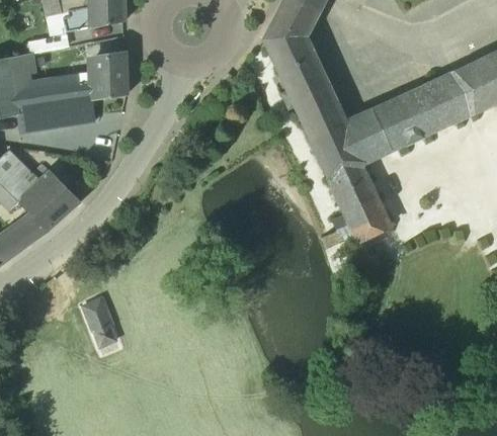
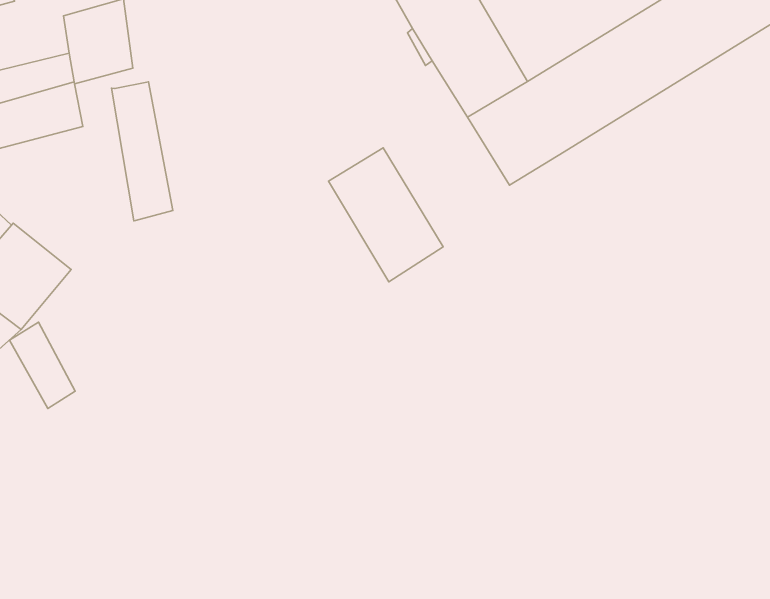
building: none -> [111,82,173,221]
building: [329,165,389,240] -> [329,148,443,282]
building: [84,298,117,347] -> [9,322,75,409]

